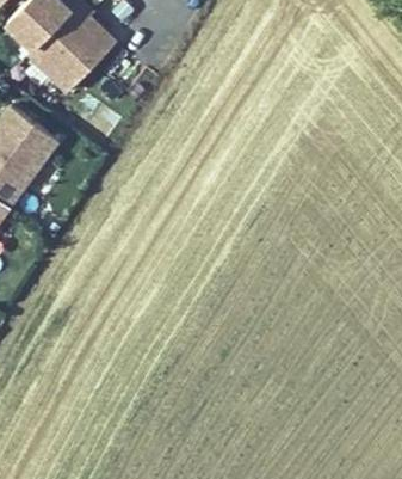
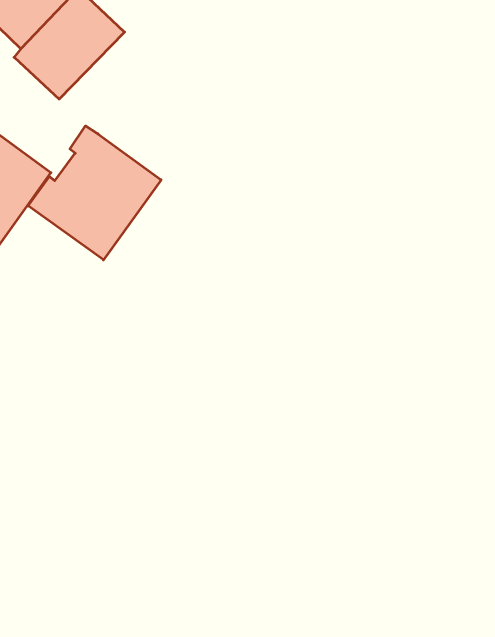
building: none -> [28,126,161,260]

